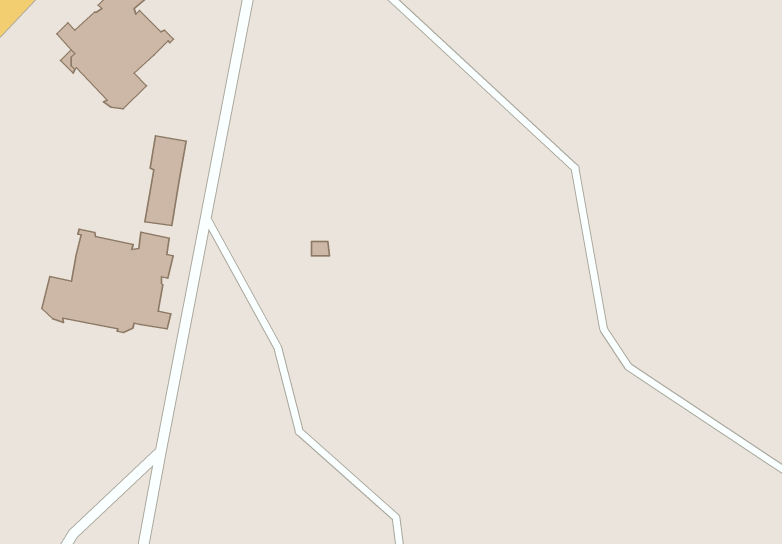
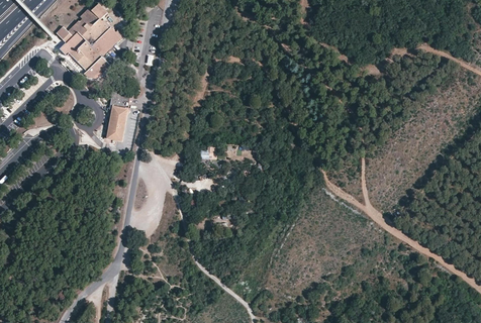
building: [42,229,173,333] -> none

